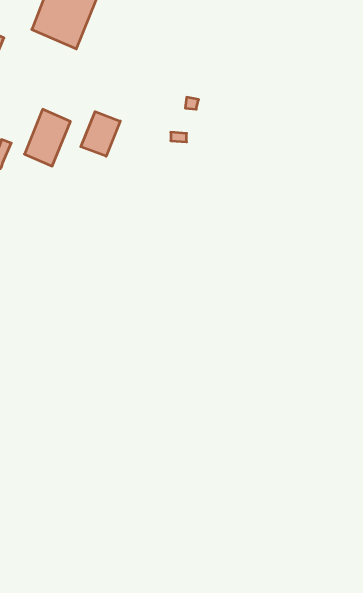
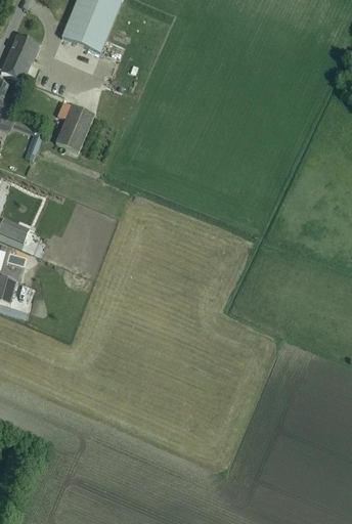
building: [81,112,120,156] -> none

